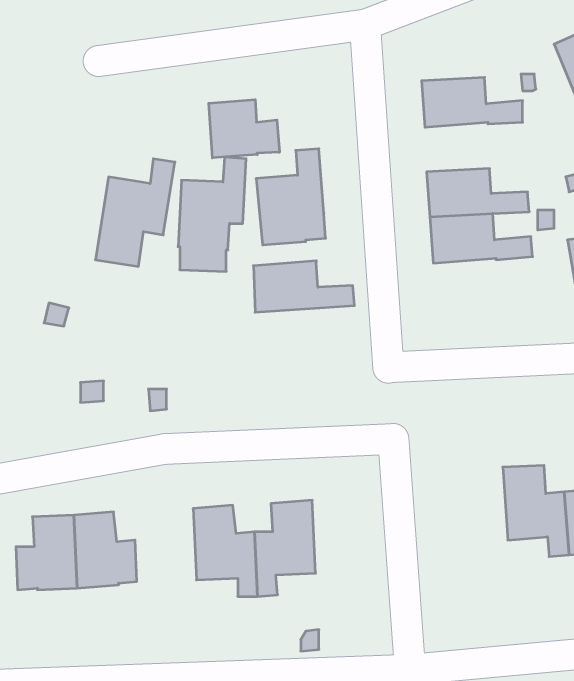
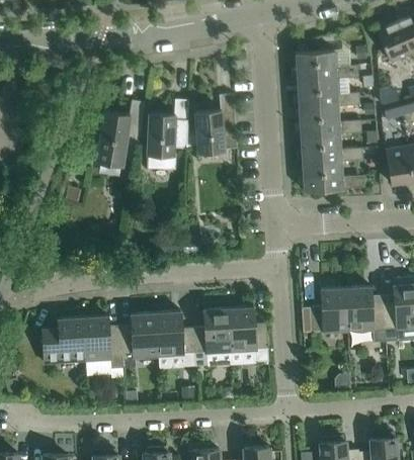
building: [209,100,279,158] -> none
building: none -> [298,78,359,108]
building: [253,261,354,312] -> [303,161,364,192]
building: none -> [302,288,348,334]
building: none -> [229,307,268,362]
building: none -> [120,313,158,359]

